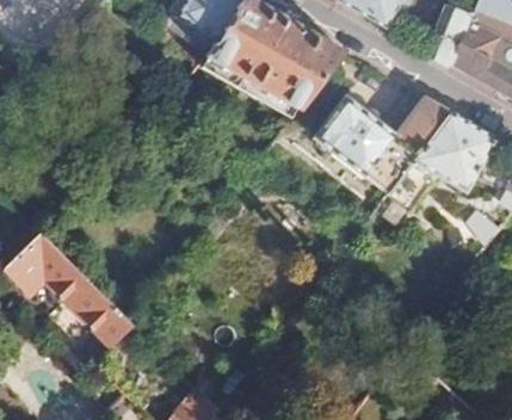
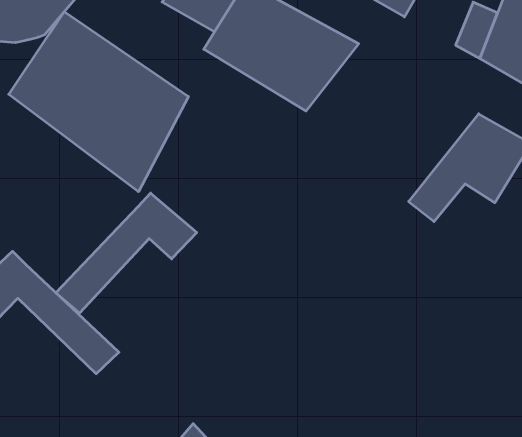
building: none -> [9,12,188,192]
building: [314,95,451,190] -> none
building: none -> [56,193,197,313]

